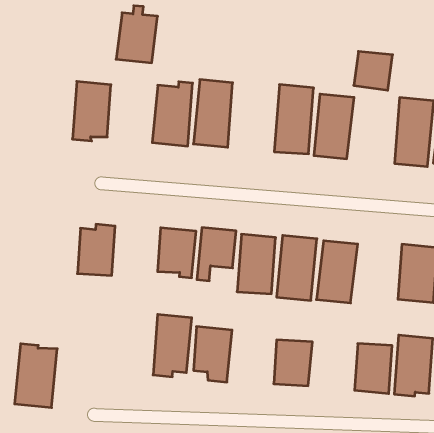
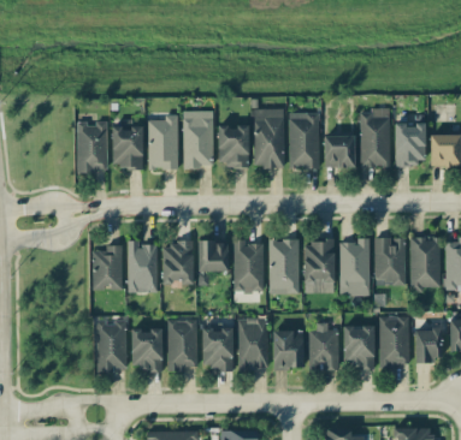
building: [116,6,158,63] -> [111,119,143,167]
building: [354,51,393,90] -> [324,136,355,167]
building: none -> [218,125,249,166]
building: none -> [126,240,156,292]
building: none -> [338,238,370,296]
building: none -> [237,317,267,369]
building: none -> [131,329,162,373]
building: none -> [308,326,338,370]
building: [15,344,57,408] -> [94,317,126,370]

